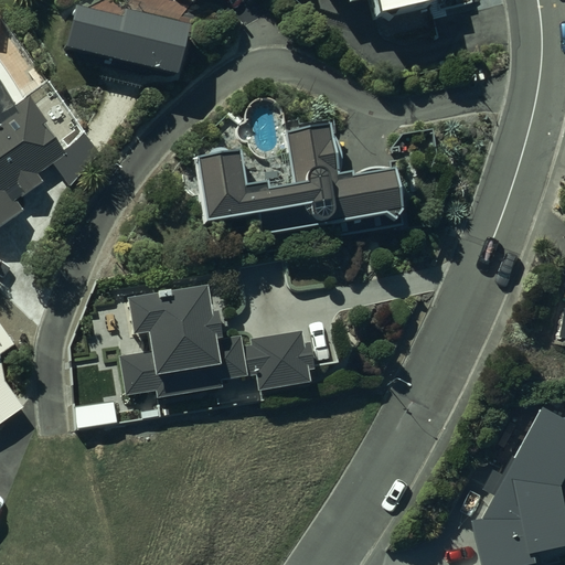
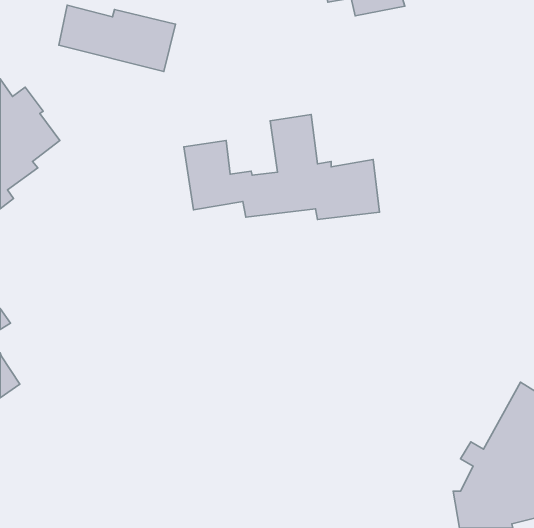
building: [120,287,315,394] -> none

